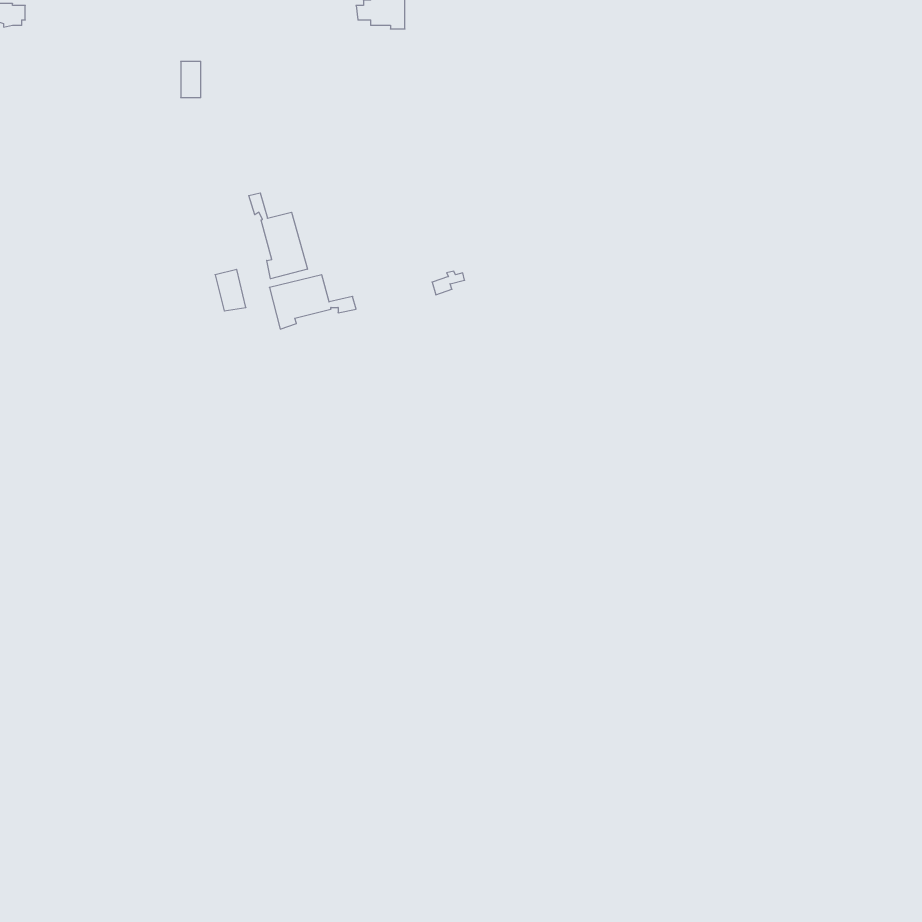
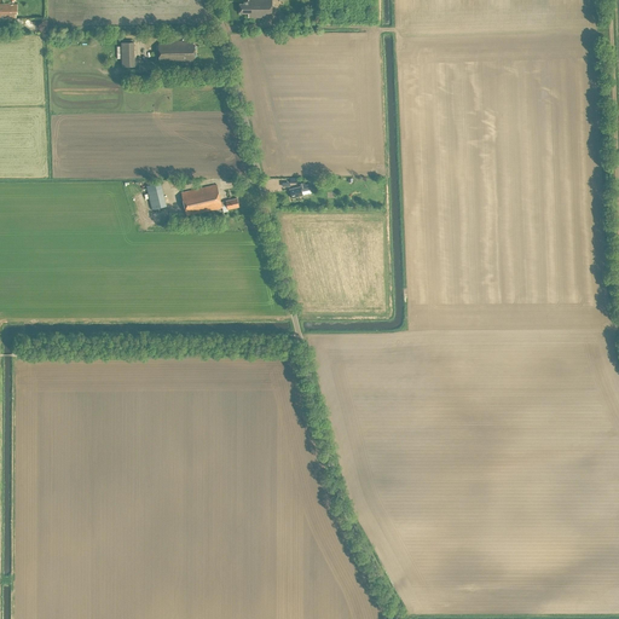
building: none -> [157,40,195,62]
building: [249,193,307,279] -> none

